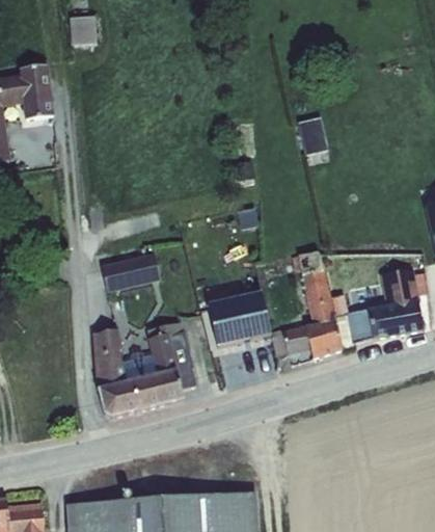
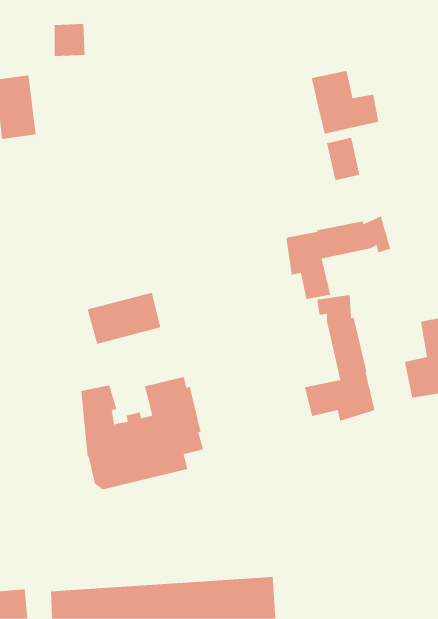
building: none -> [311,70,379,135]
building: none -> [286,215,391,300]
building: [209,290,271,344] -> none
building: [334,309,372,348] -> none

